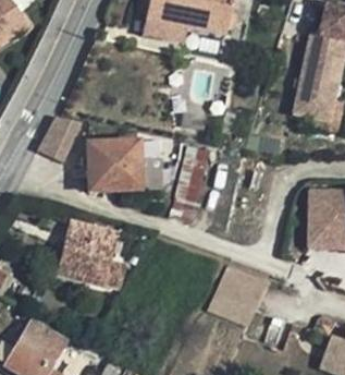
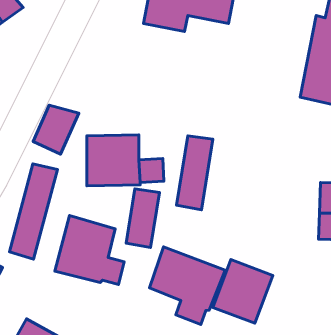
building: none -> [10,164,57,259]
building: none -> [126,189,159,248]
building: none -> [150,247,225,325]

